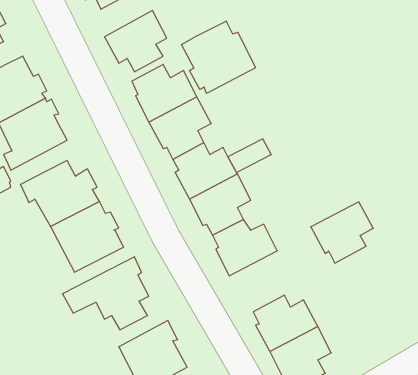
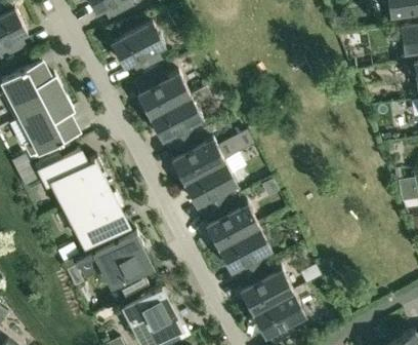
building: [182,21,255,93] -> none
building: [311,202,373,263] -> [218,228,271,280]

